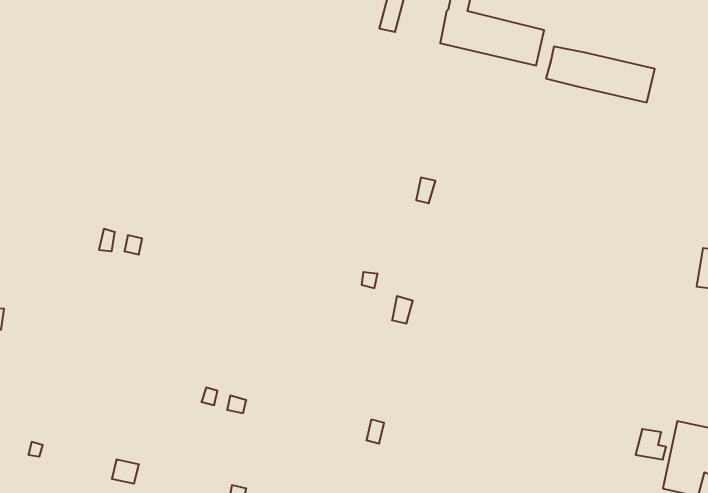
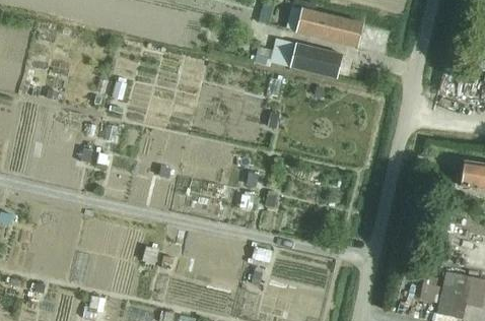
building: [546,46,655,102] -> [272,42,341,77]

